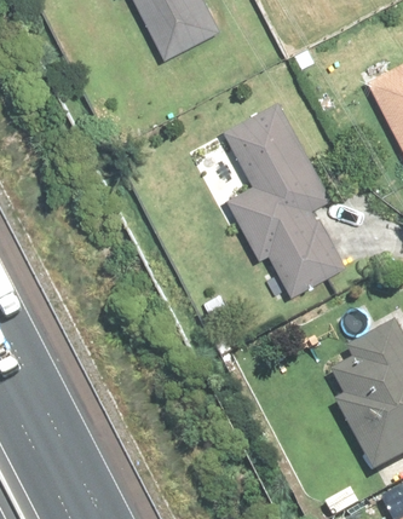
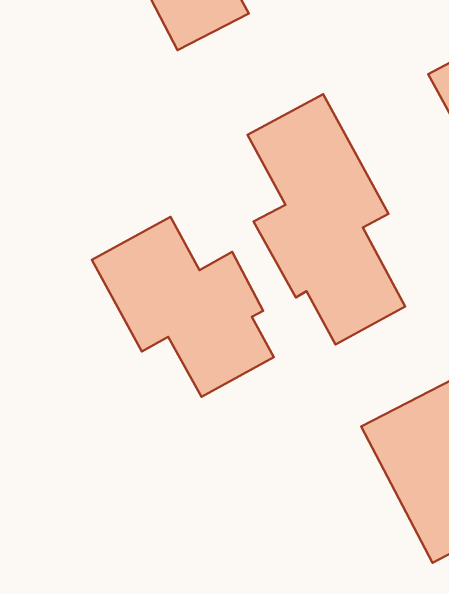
building: none -> [92,217,274,397]

